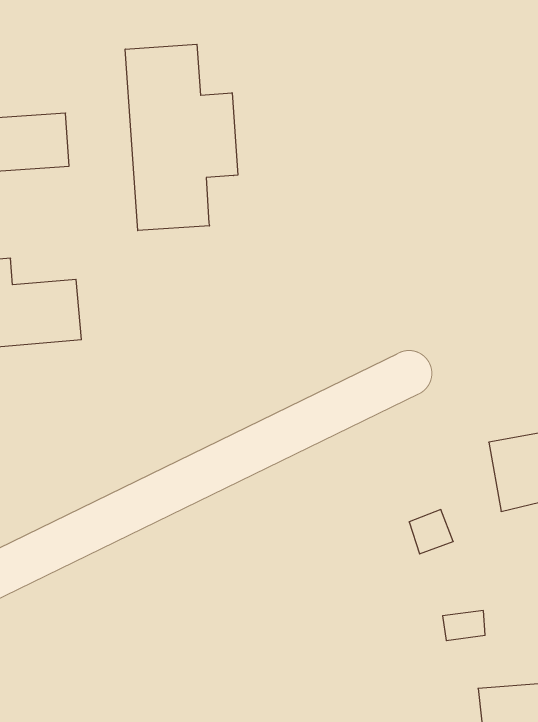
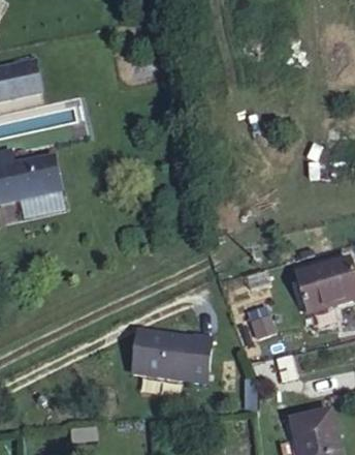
building: [125,44,238,231] -> none
building: none -> [132,323,212,374]

